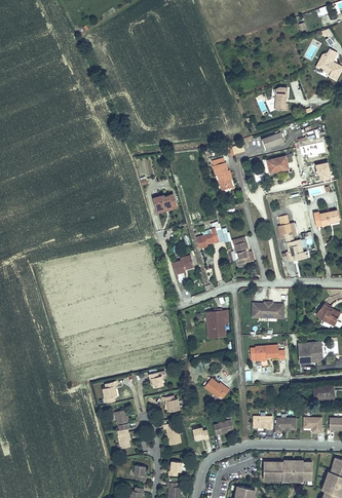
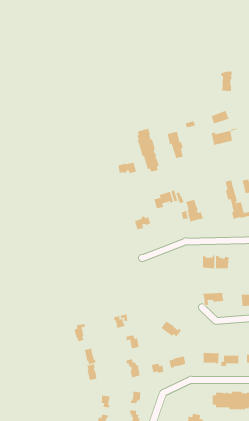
building: none -> [137,128,160,173]
building: [210,310,228,338] -> none

